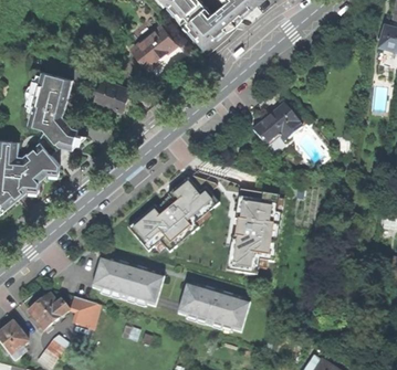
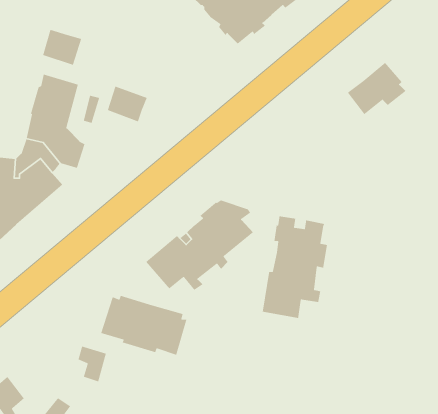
building: [130,14,177,68] -> none
building: none -> [42,29,82,66]
building: [253,103,303,147] -> [347,62,406,115]
building: [177,281,250,331] -> none
building: [30,295,69,332] -> none

